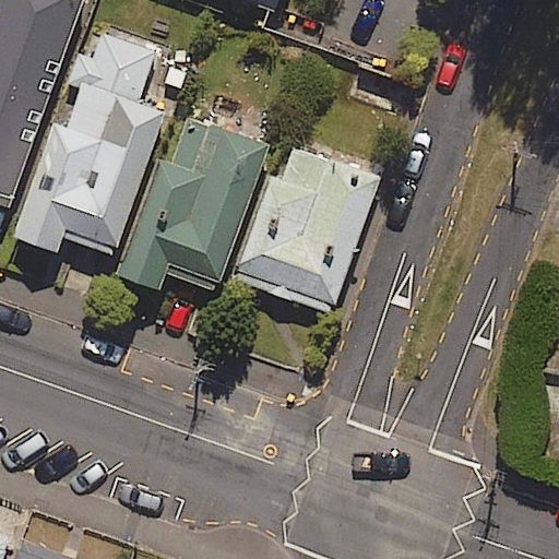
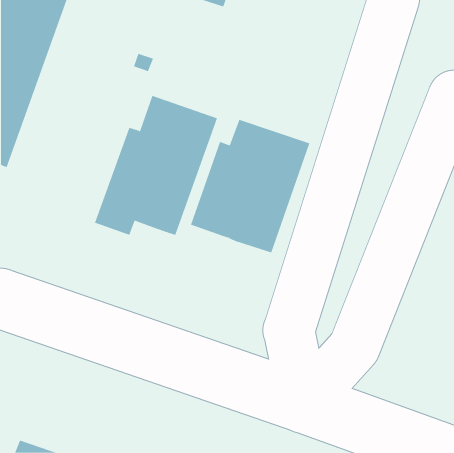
building: [12,34,164,253] -> none

